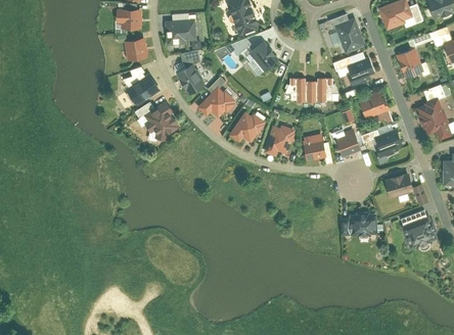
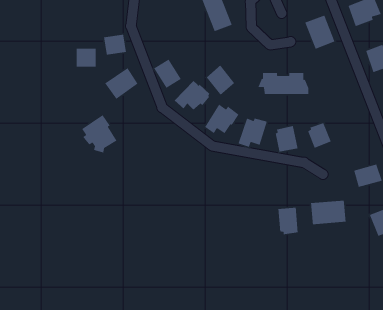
building: [121,8,142,29] -> [76,48,96,68]
building: [166,18,197,46] -> none
building: [248,40,279,73] -> [206,65,235,96]
building: [348,57,375,86] -> none
building: [358,91,391,119] -> none
building: [143,100,181,141] -> [81,114,118,153]
building: [375,129,402,165] -> none
building: none -> [277,207,299,235]

